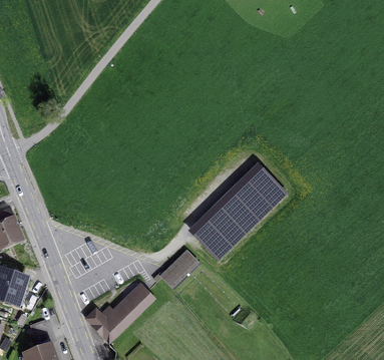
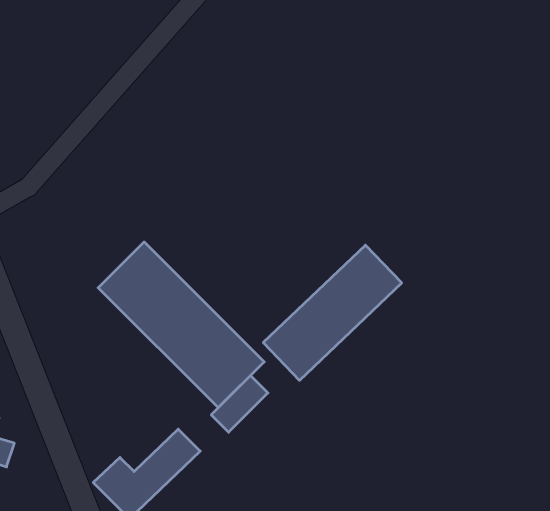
building: none -> [98,242,264,408]

